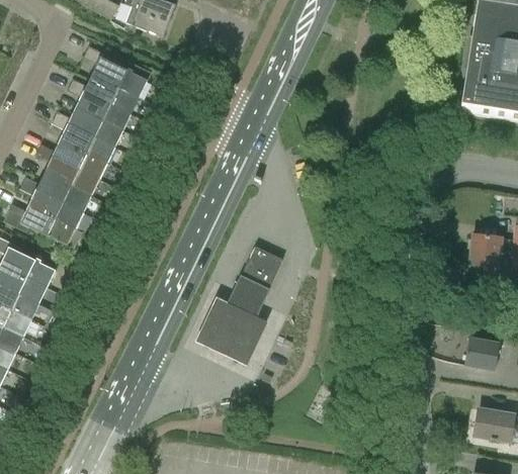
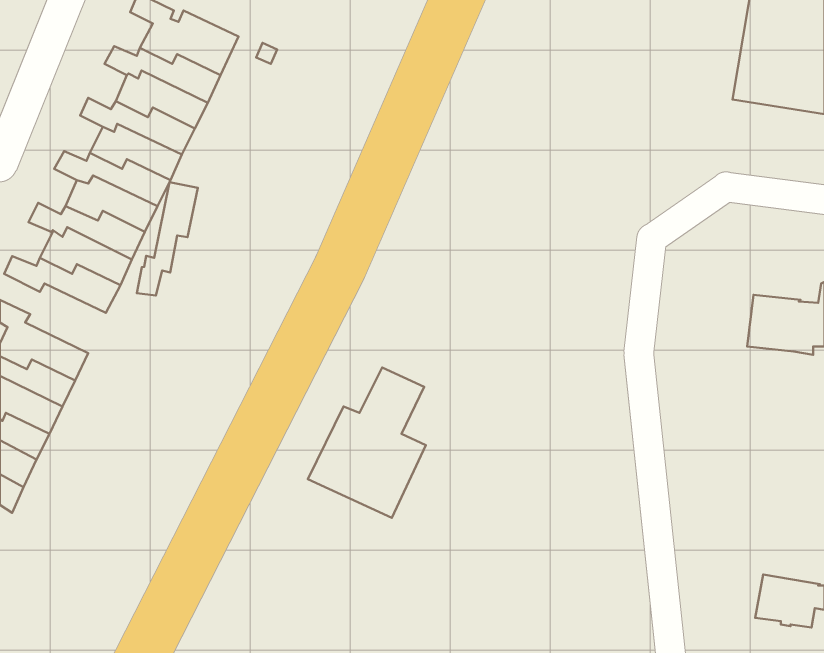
building: none -> [137,182,198,296]
building: [240,245,282,290] -> none
building: [463,338,499,369] -> none

